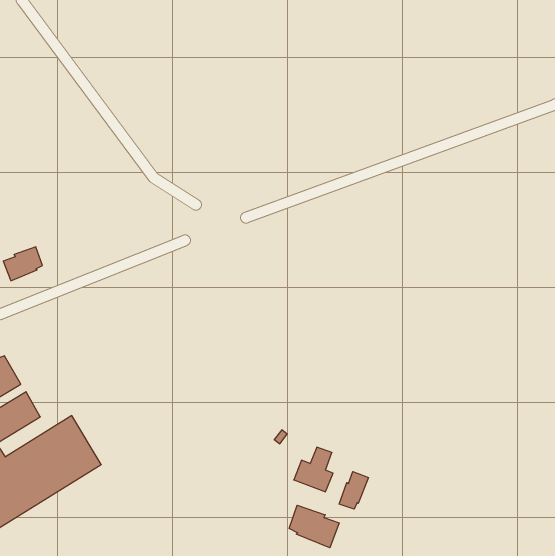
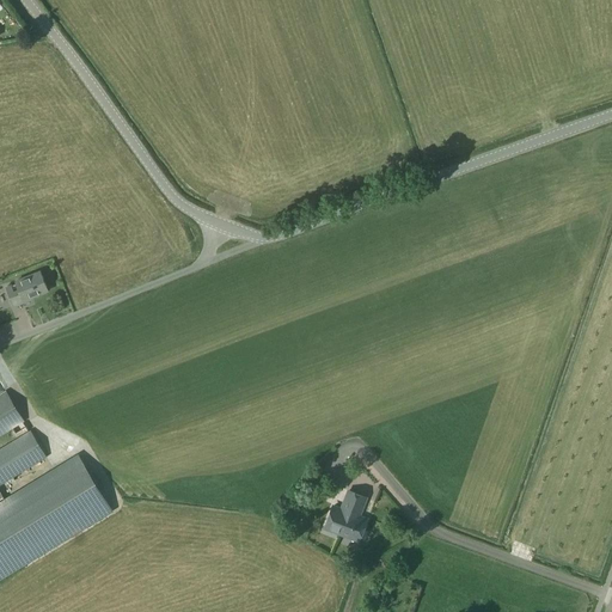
building: [339,472,368,509] -> none
building: [289,505,339,548] -> none

